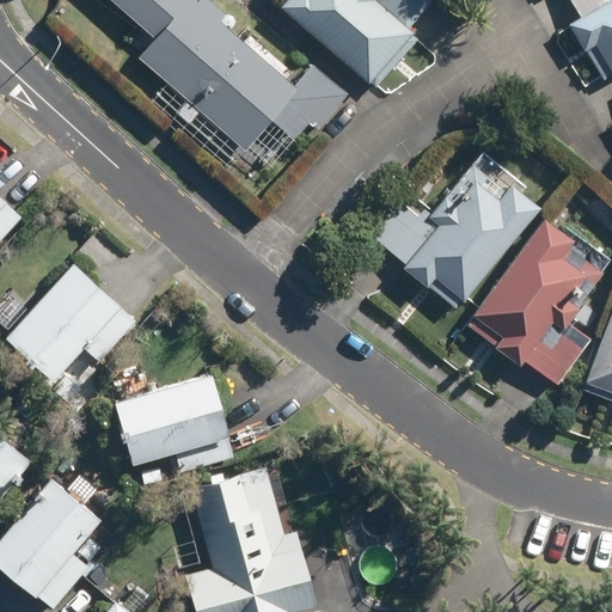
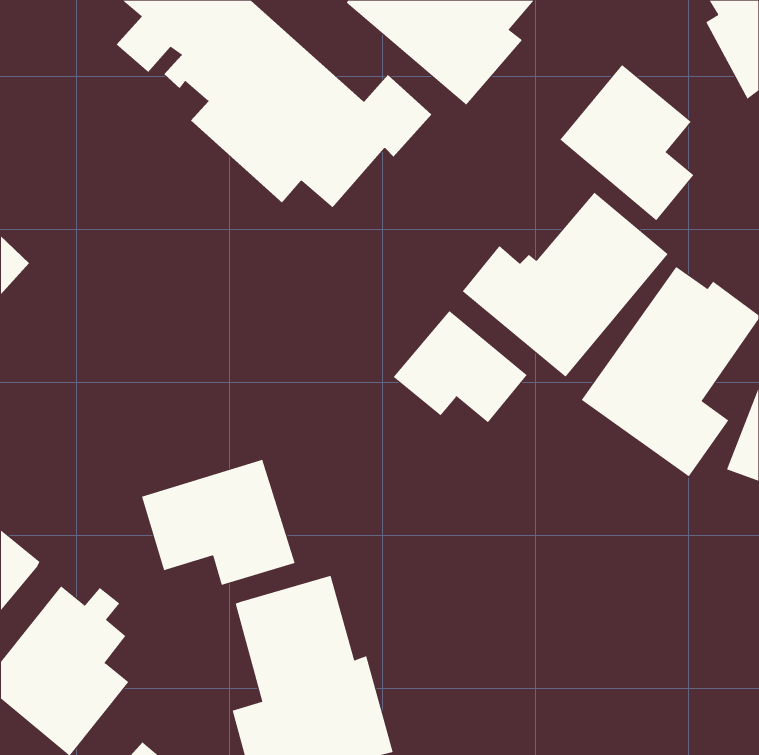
building: none -> [560,64,694,221]
building: none -> [393,310,527,423]
building: [5,261,139,380] -> none

